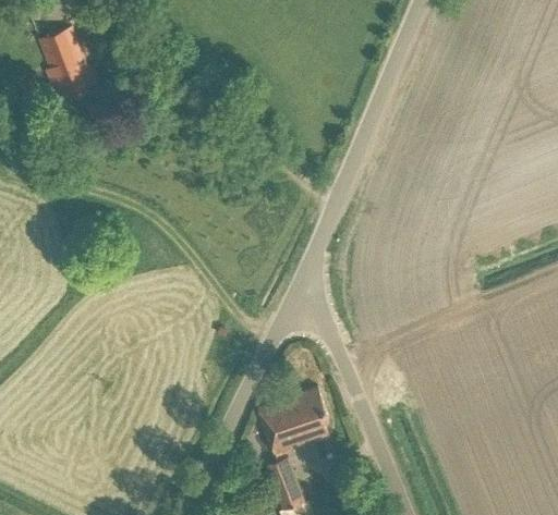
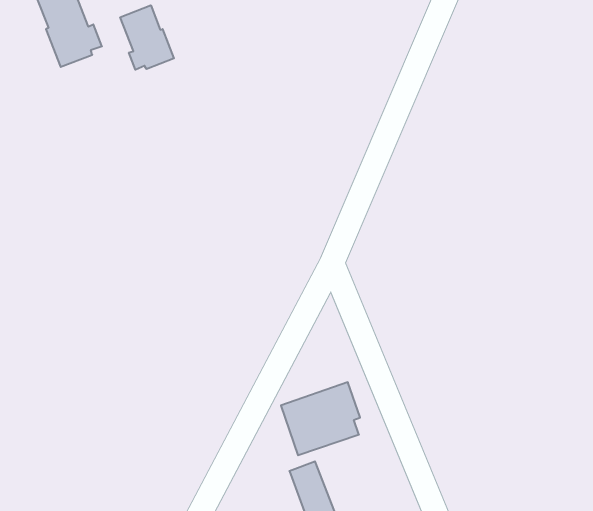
building: none -> [120,5,174,70]

